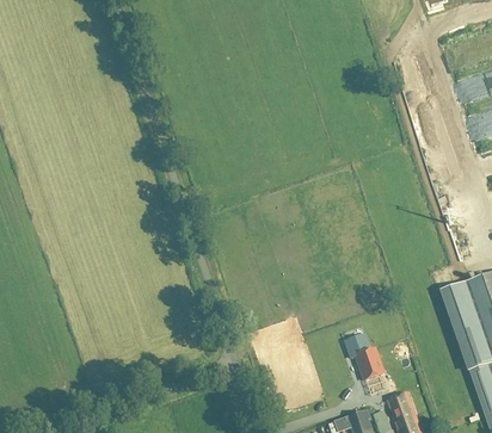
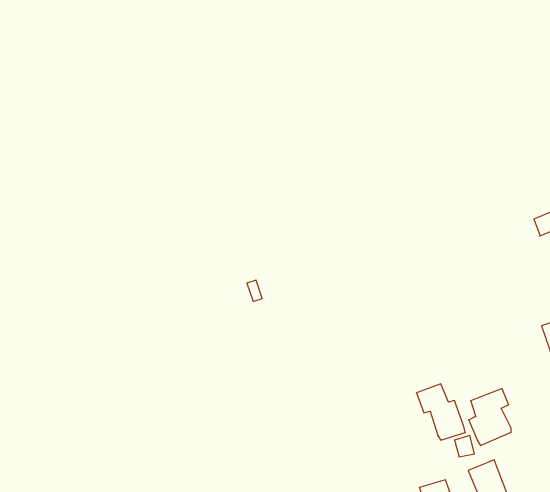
building: none -> [469,388,511,446]

